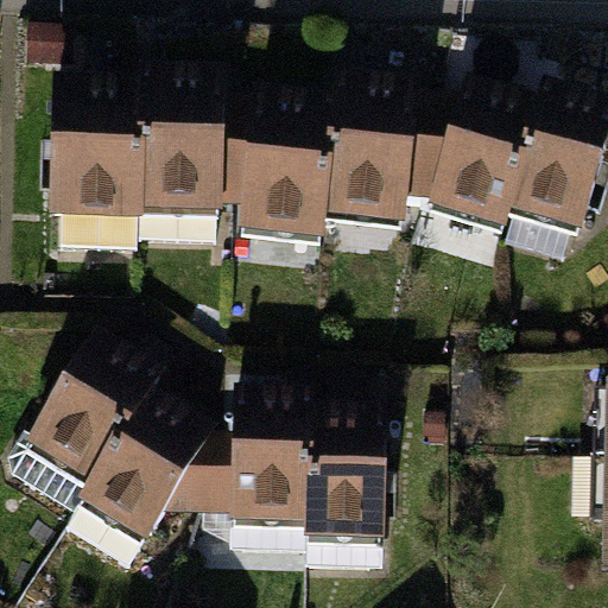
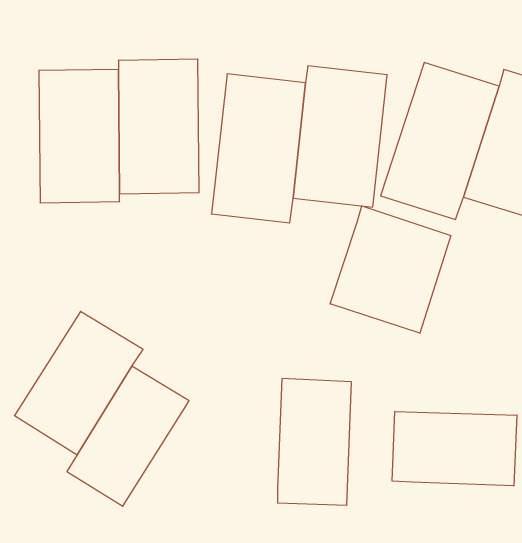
building: none -> [330,206,451,333]
building: [228,414,306,549] -> none
building: none -> [392,411,517,486]

